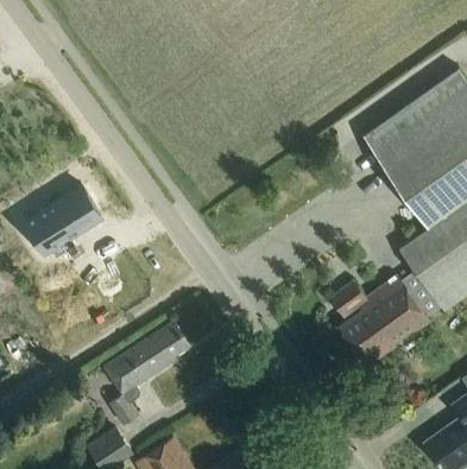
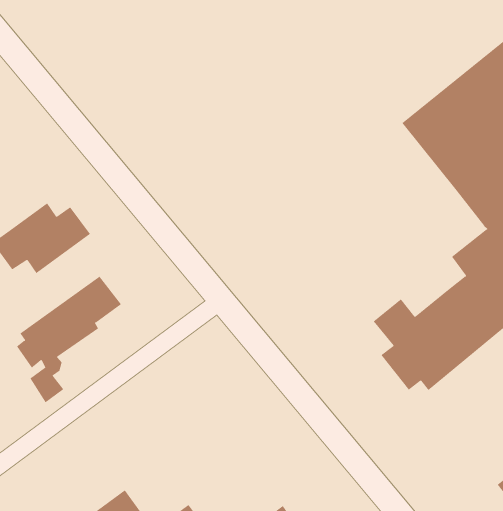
building: [101,322,191,425] -> [16,276,122,403]

